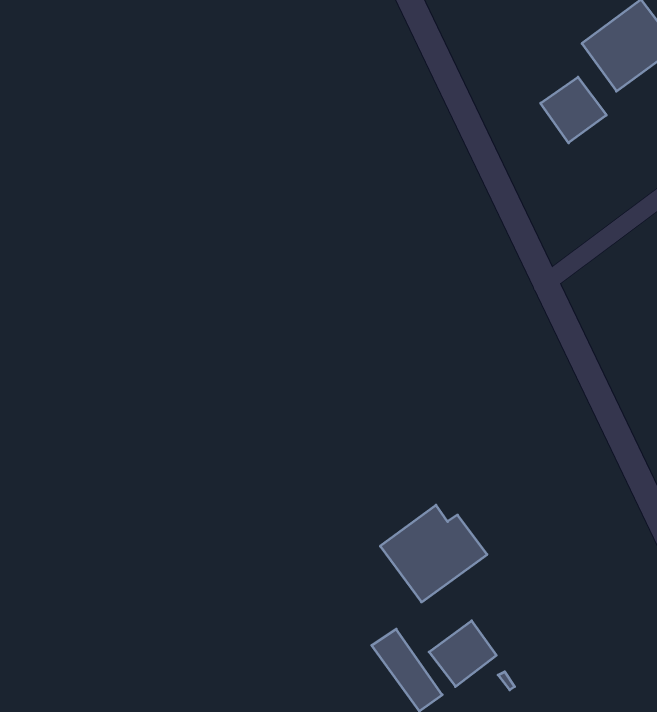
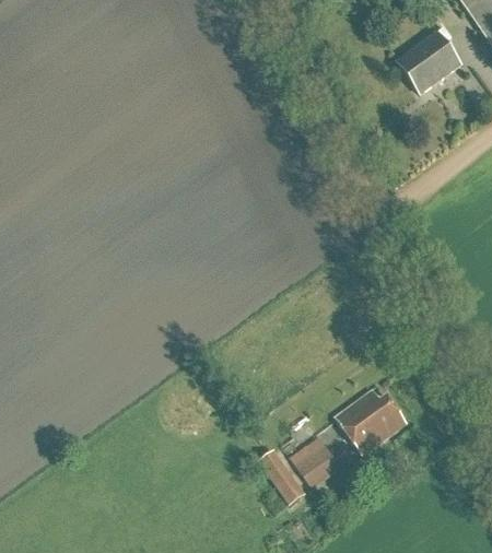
building: [541,77,606,143] -> none
building: [380,505,487,602] -> [336,387,407,451]

